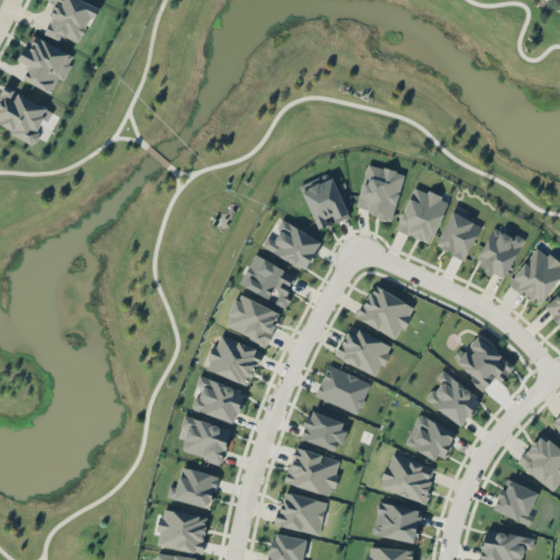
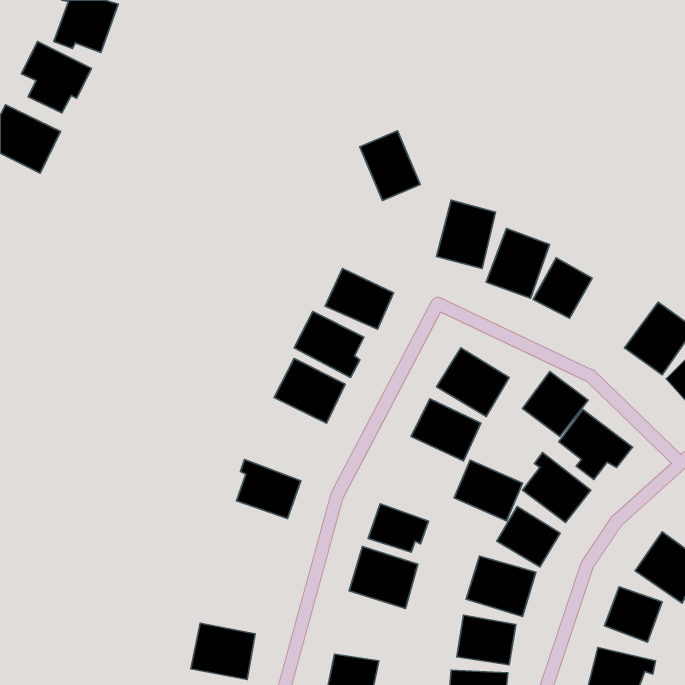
building: [301,173,350,230] -> [360,131,420,201]
building: [476,226,525,280] -> none
building: none -> [522,371,588,437]
building: [207,335,264,385] -> none
building: [316,365,372,415] -> [454,460,523,521]
building: [179,416,232,464] -> none
building: [167,467,220,509] -> none
building: [276,492,327,535] -> none

